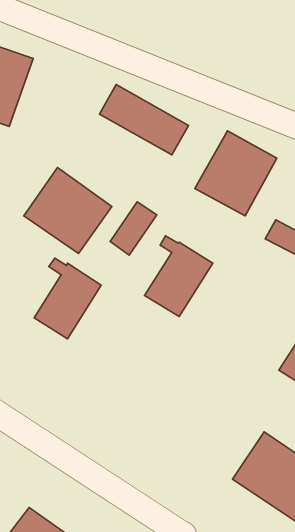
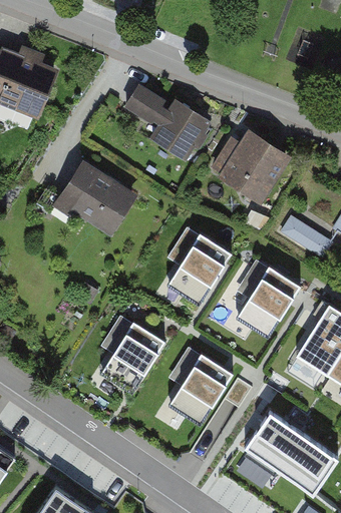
building: [110,202,157,255] -> none
building: [34,258,101,339] -> [99,316,163,393]
building: none -> [235,261,300,338]
building: none -> [166,348,232,424]

